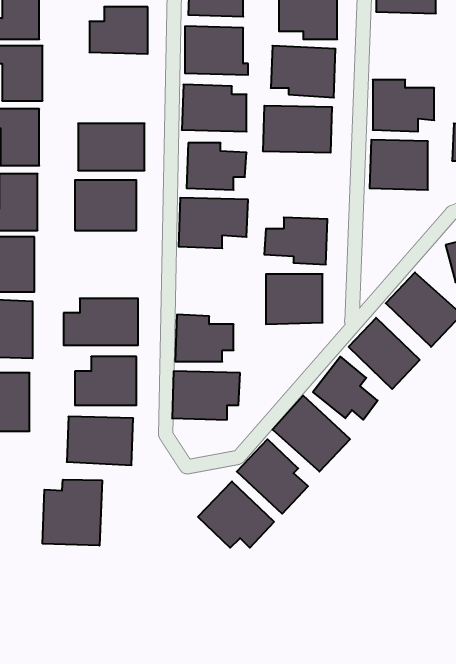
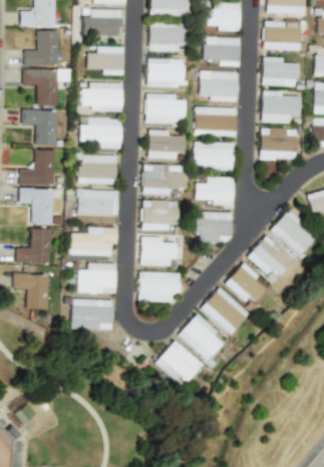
building: none -> [264,56,299,85]
building: none -> [81,81,122,111]
building: none -> [195,141,235,169]
building: none -> [78,189,118,213]
building: none -> [142,200,179,230]
building: [43,480,102,546] -> none

